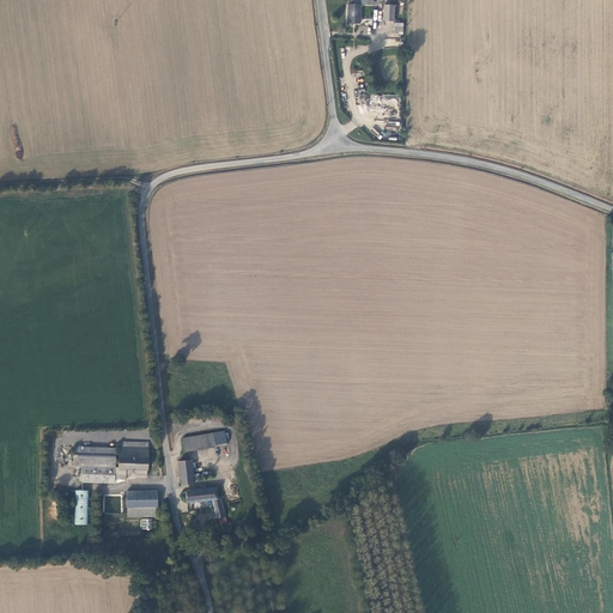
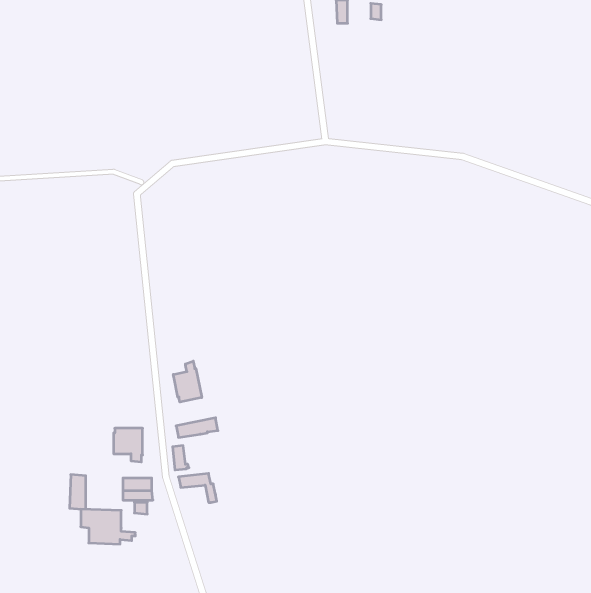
building: none -> [173,361,202,402]
building: [73,447,129,482] -> [81,509,135,544]

